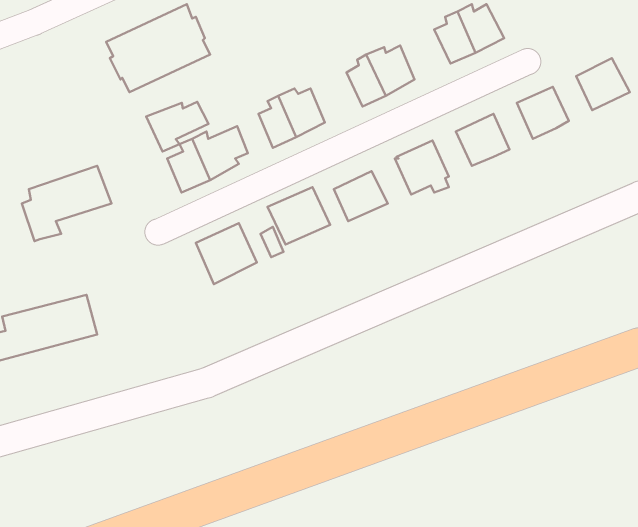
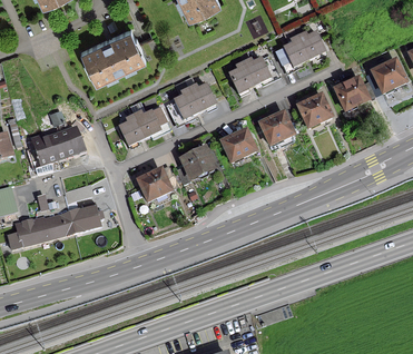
building: [146,102,209,151] -> none
building: none -> [68,201,101,233]

